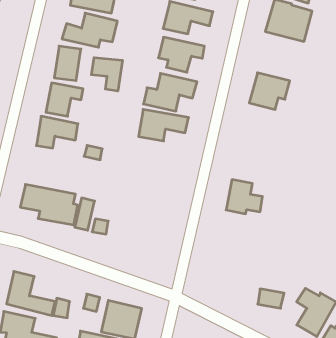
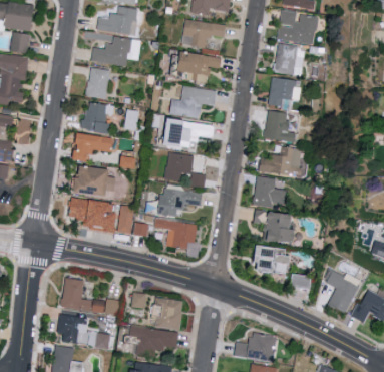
building: none -> [275,43,303,75]
building: [91,58,122,91] -> none
building: none -> [265,110,297,141]
building: none -> [164,151,206,187]
building: none -> [259,146,304,176]
building: none -> [74,165,116,199]
building: none -> [158,187,203,216]
building: none -> [254,209,297,244]
building: none -> [154,220,196,248]
building: none -> [254,244,292,275]

